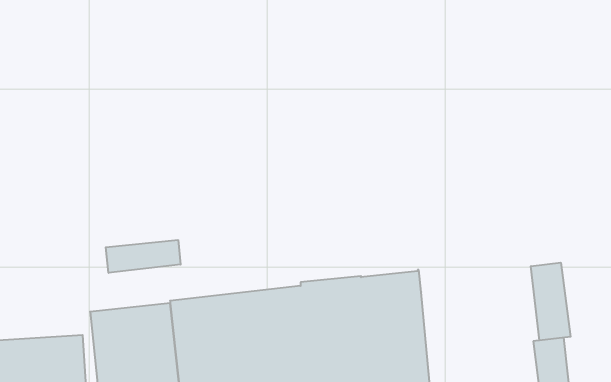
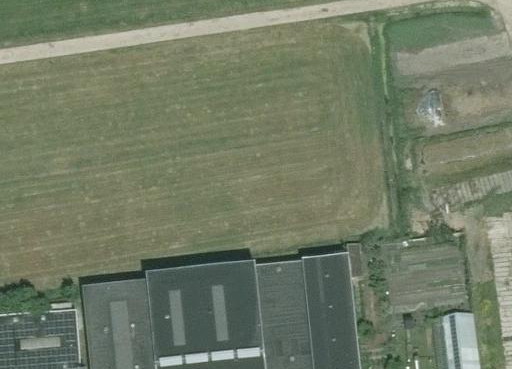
building: [106,240,181,273] -> none
building: [531,263,571,340] -> none

